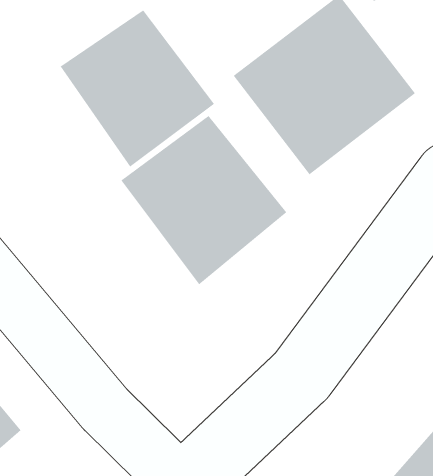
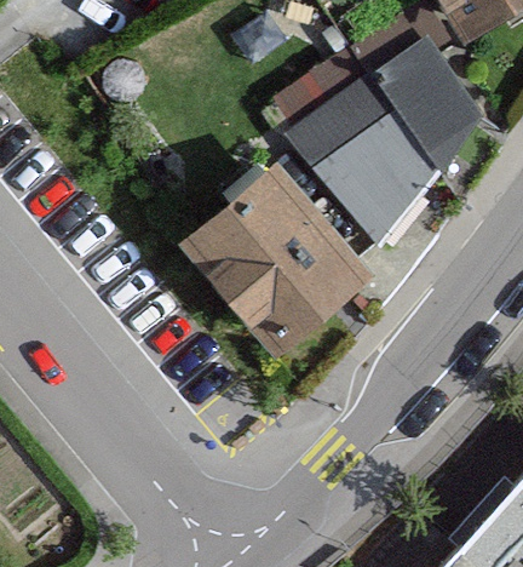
building: [60,10,215,167] -> none

